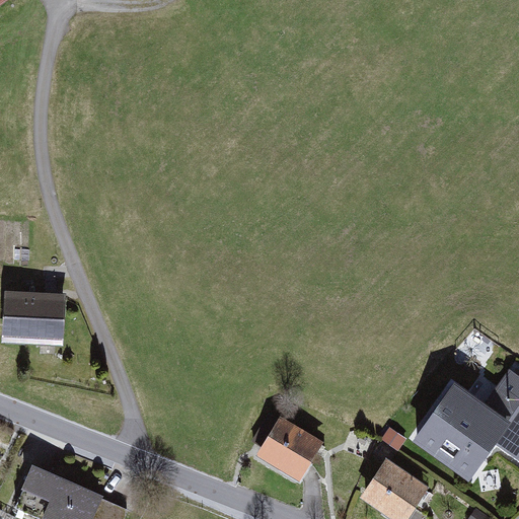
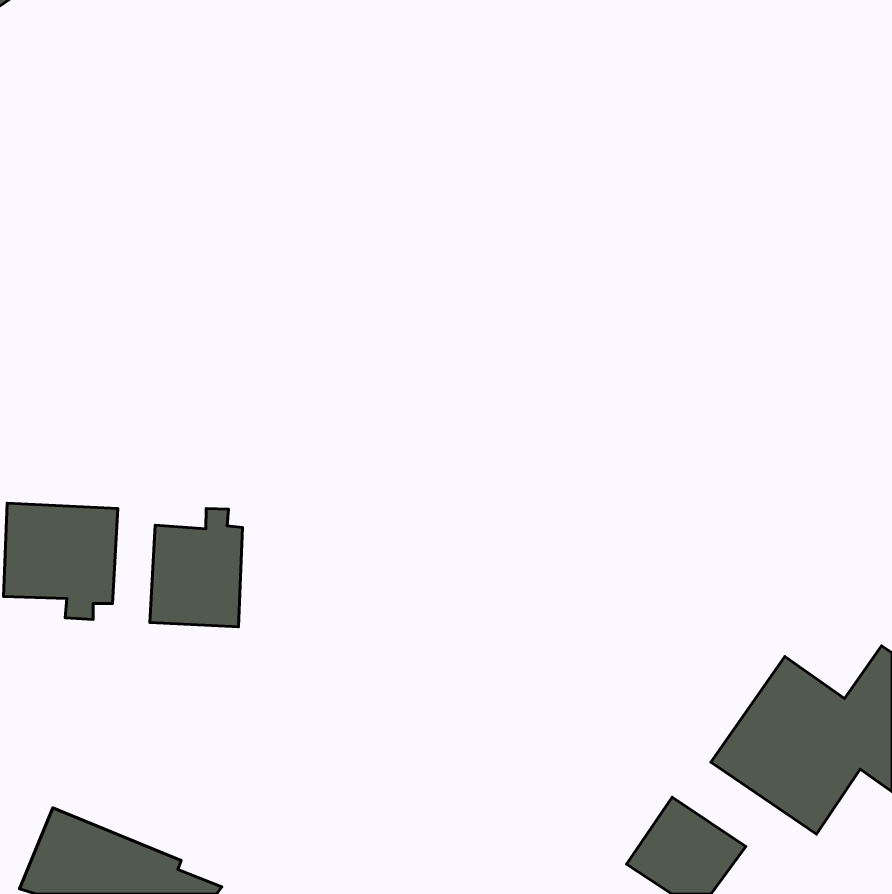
building: none -> [150,509,243,627]
building: [258,418,322,481] -> none

